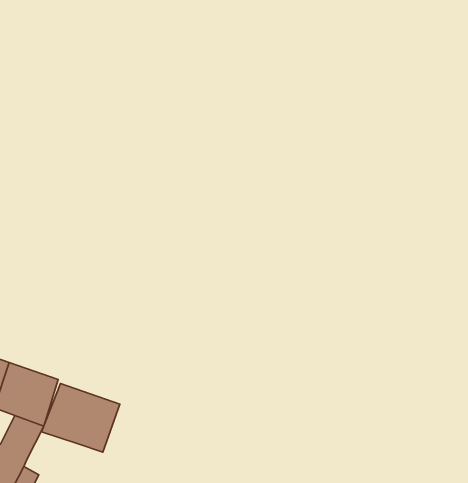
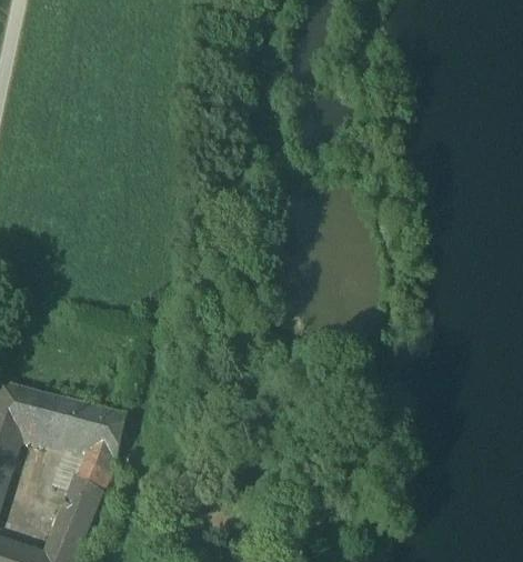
building: [42,384,120,452] -> none

